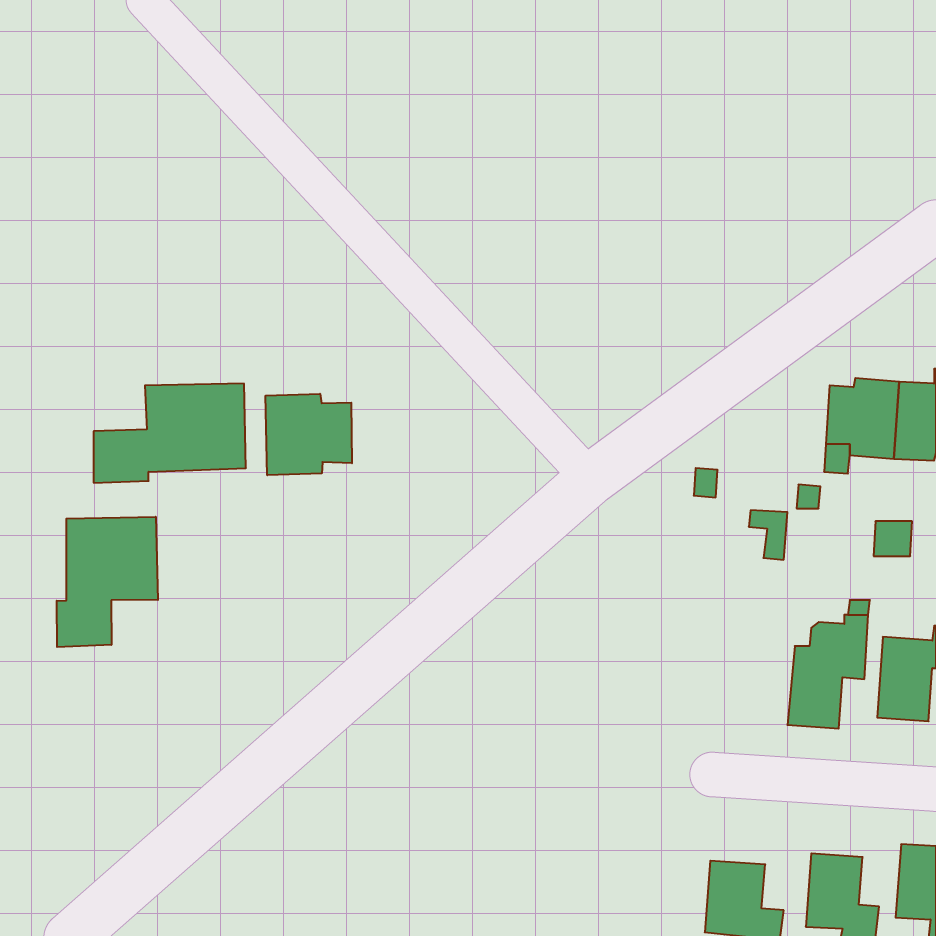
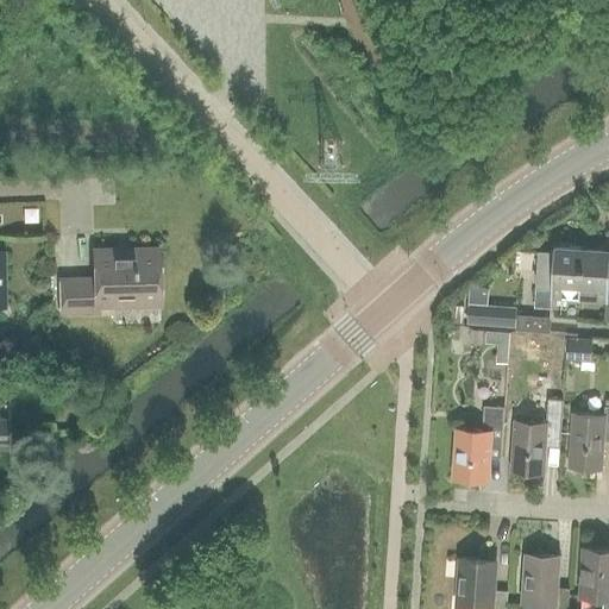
building: [266,394,352,475] -> none
building: none -> [466,306,515,328]
building: [57,517,158,647] -> none
building: none -> [452,406,504,479]

